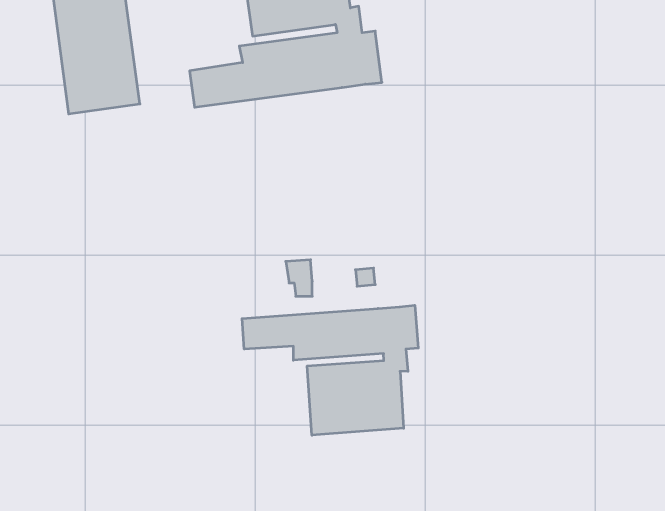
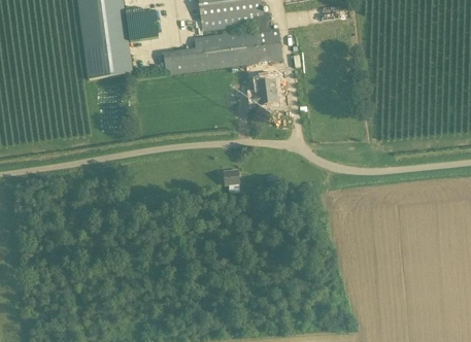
building: none -> [253,71,277,105]
building: [242,305,418,435] -> none

